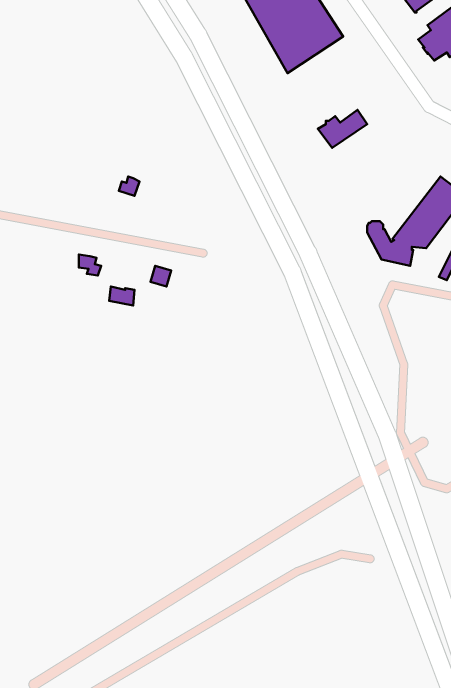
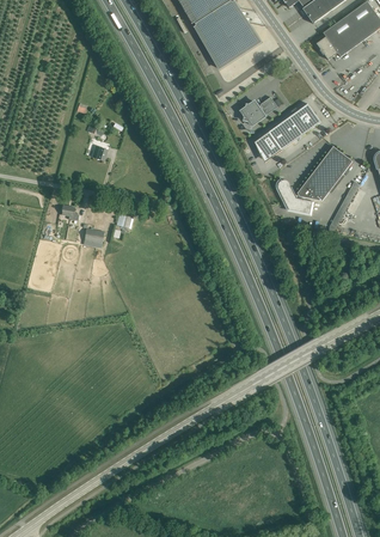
building: none -> [255,103,321,161]

